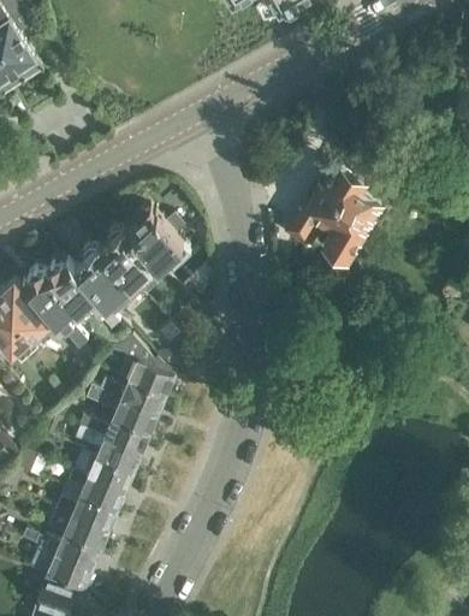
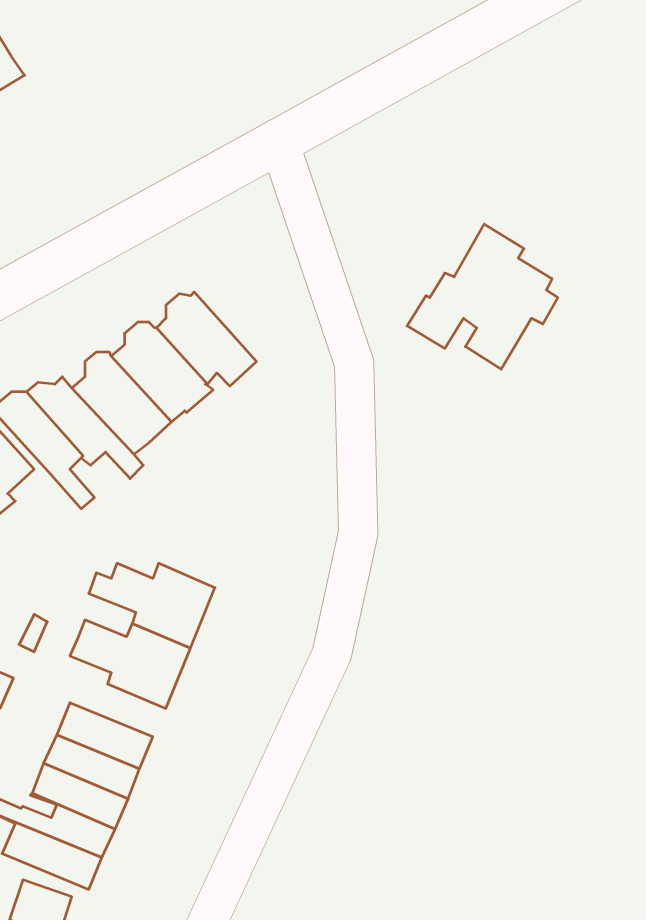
building: [109,338,173,397] -> none
building: [72,451,133,492] -> none

